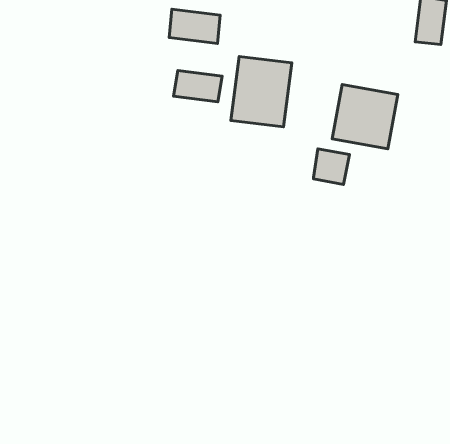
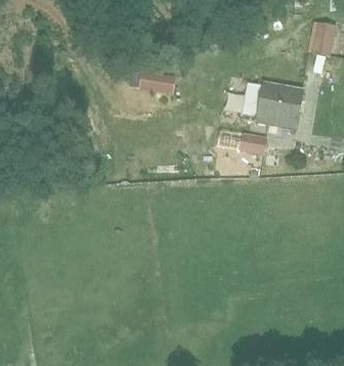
building: [169,9,220,44] -> none
building: [231,56,292,127] -> none

